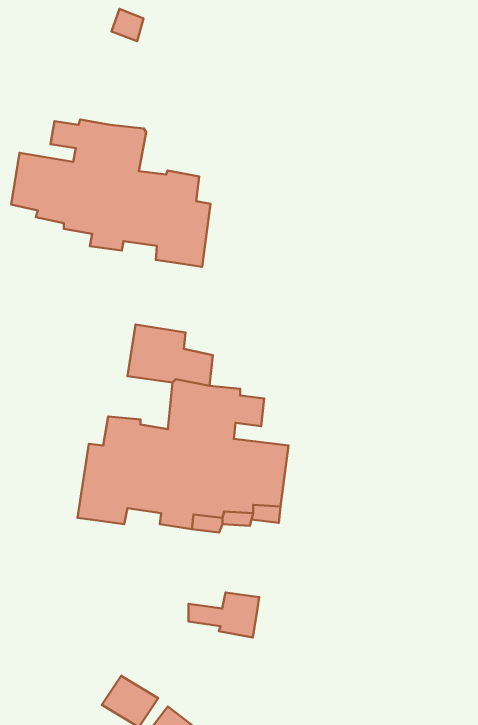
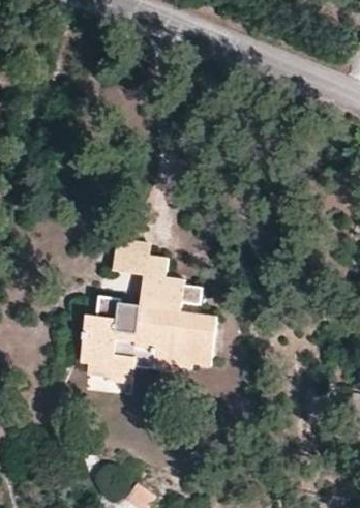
building: [11,120,210,267] -> none
building: [188,592,259,638] -> [88,356,133,385]

